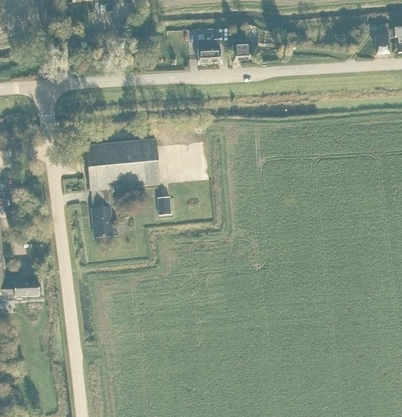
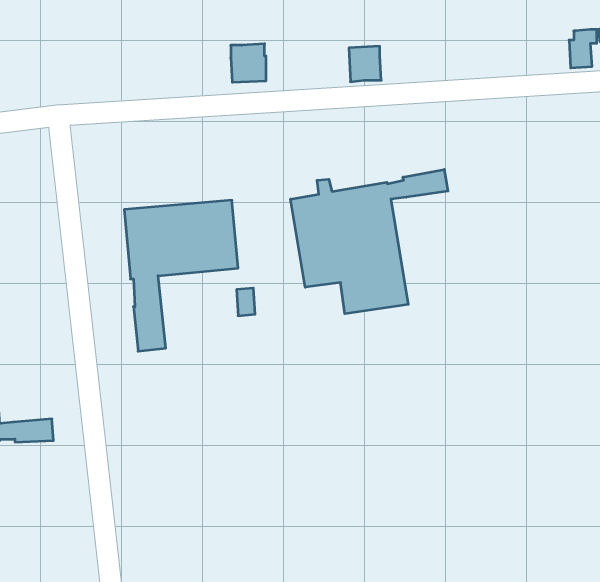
building: [197,38,220,63] -> [231,44,266,82]
building: none -> [291,169,448,314]

